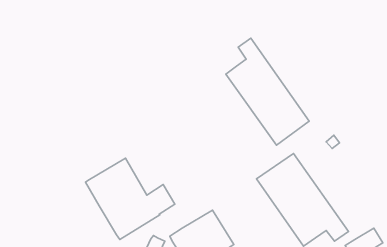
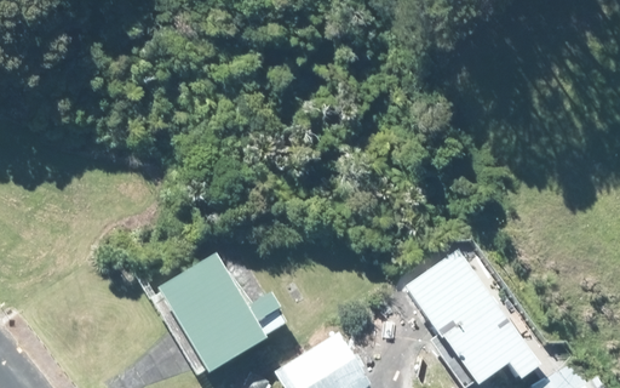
building: [226,38,309,145] -> none

